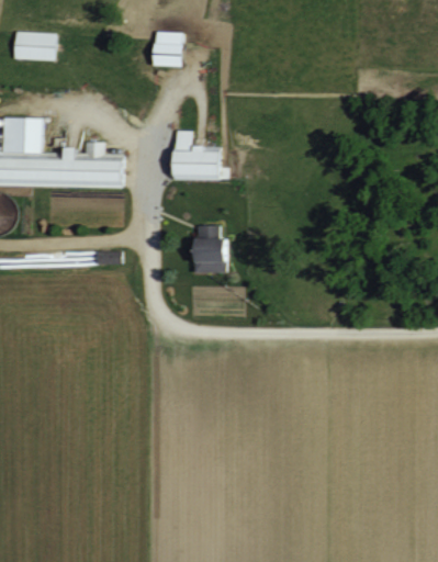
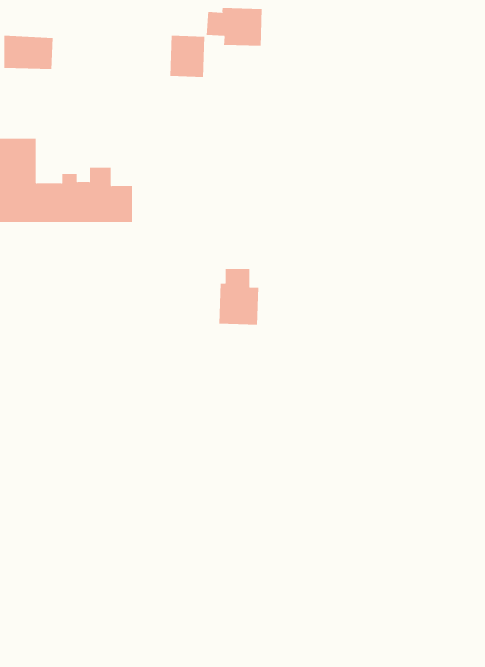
building: none -> [206,7,262,47]
building: [175,132,228,181] -> none

